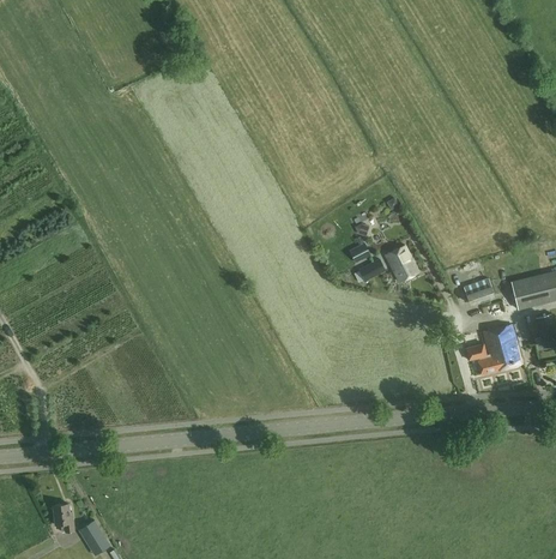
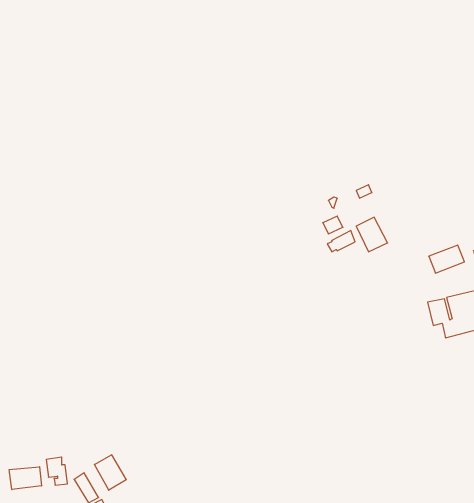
building: none -> [94,455,126,490]
building: none -> [9,467,42,490]

